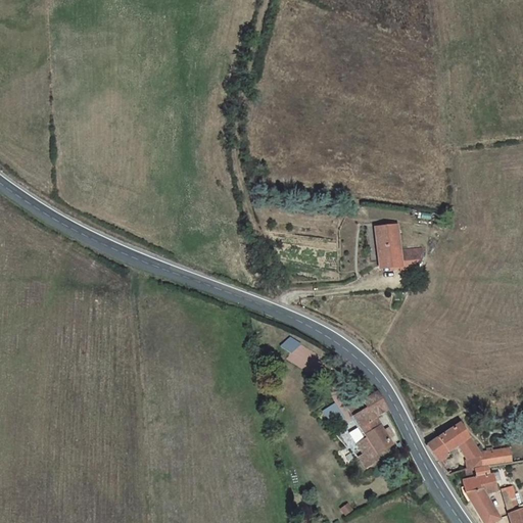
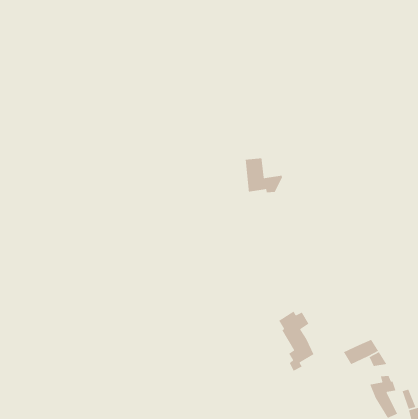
building: [373,227,420,271] -> [245,158,283,193]
building: [467,448,515,471] -> none

